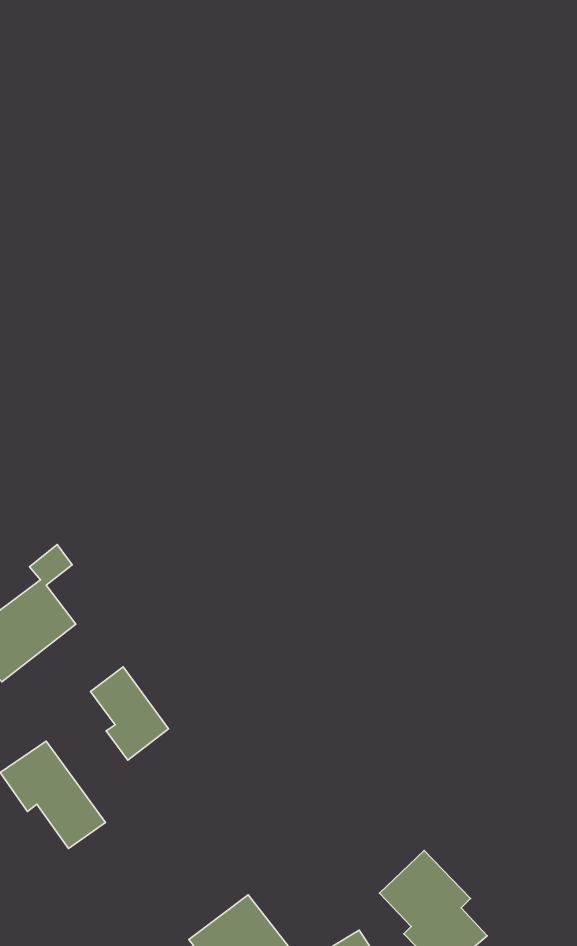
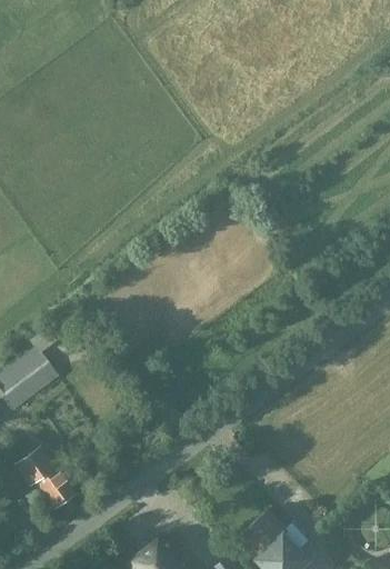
building: [90,667,168,760] -> none

